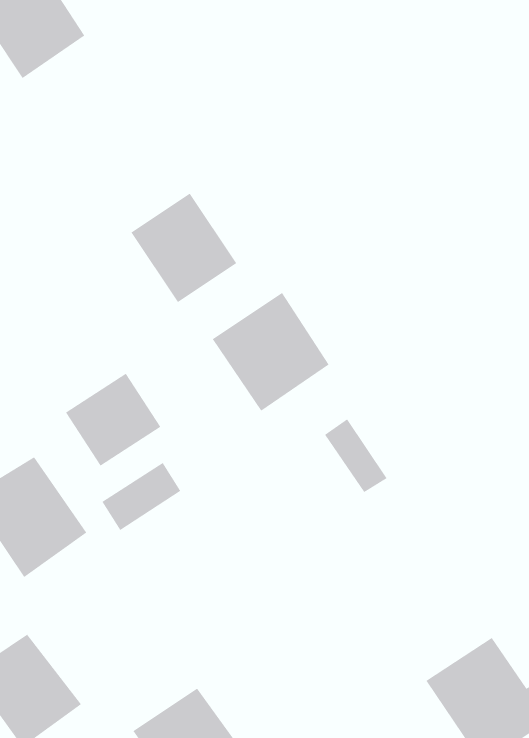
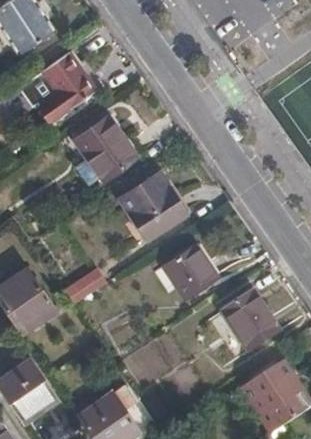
building: none -> [36,53,91,123]
building: [65,373,161,467] -> none
building: none -> [164,252,206,297]
building: none -> [225,289,281,349]

